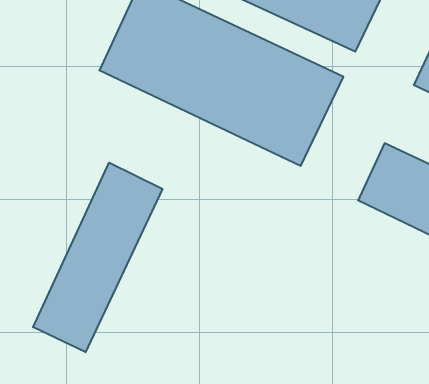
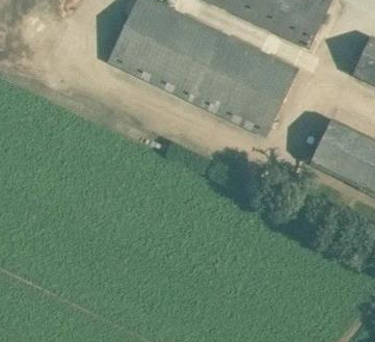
building: [33,163,162,352] -> none

